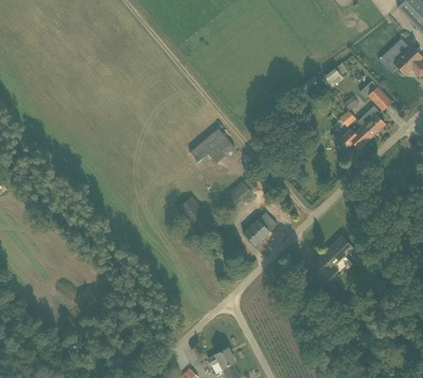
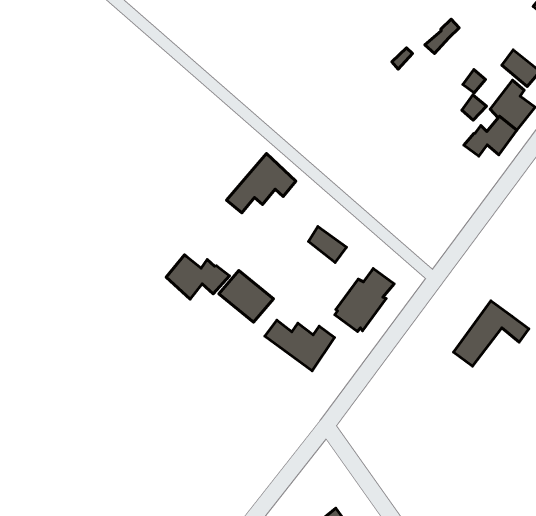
building: none -> [166,255,229,299]
building: none -> [265,320,334,371]

